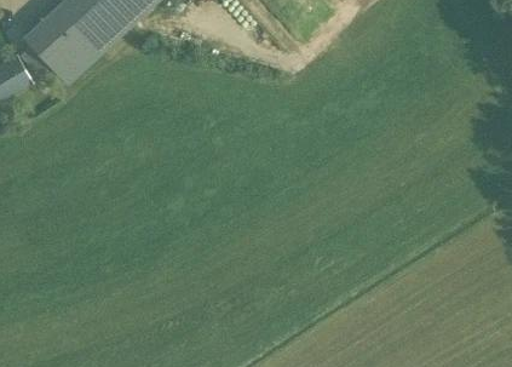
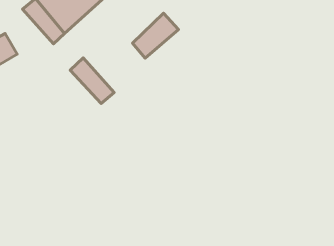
building: [19,22,81,86] -> [70,58,114,104]
building: none -> [132,13,178,58]

